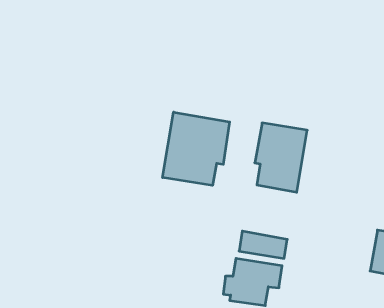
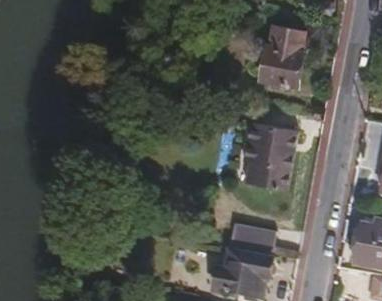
building: none -> [262,26,304,87]
building: [163,112,230,185] -> none

